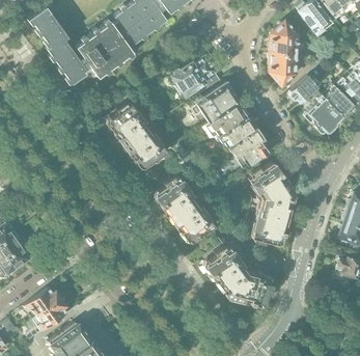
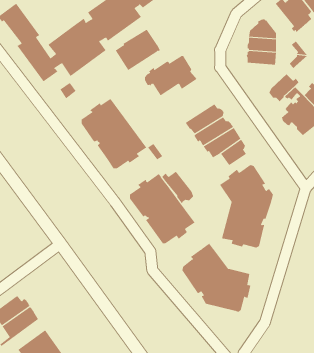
building: [269,64,297,86] -> none
building: [196,82,241,122] -> [115,29,161,71]
building: none -> [162,171,194,204]

